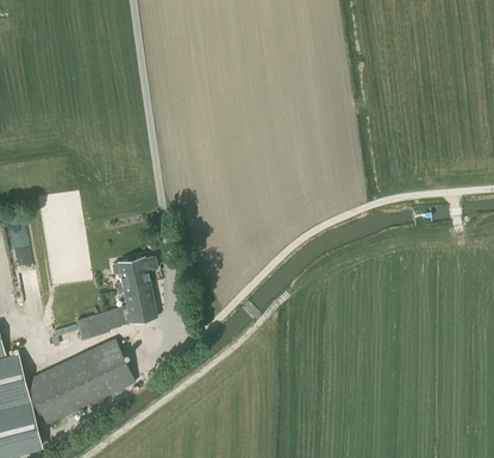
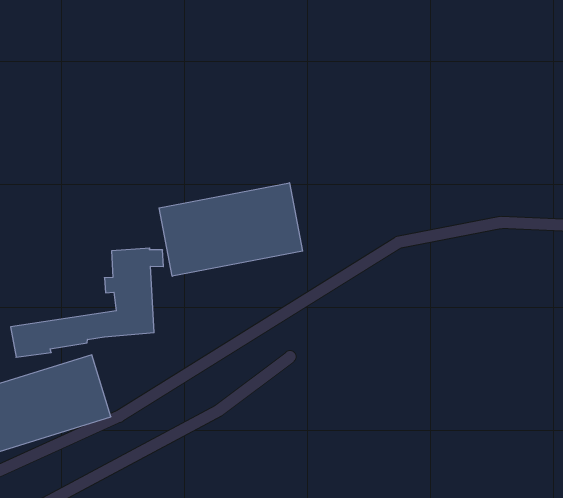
building: none -> [159,183,303,276]

